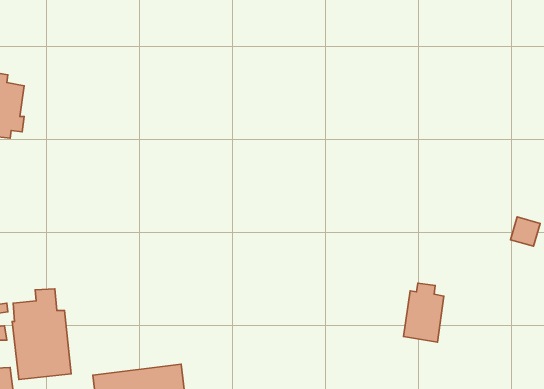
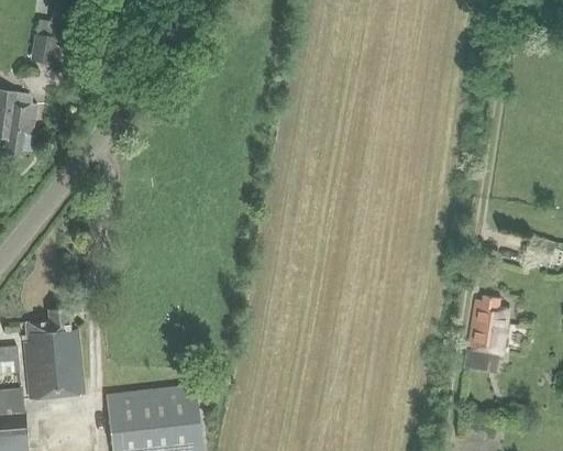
building: none -> [29,34,56,65]
building: [404,283,444,342] -> [467,297,508,356]

